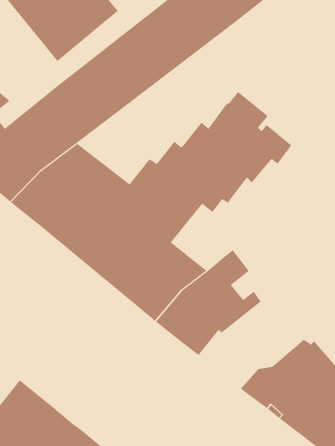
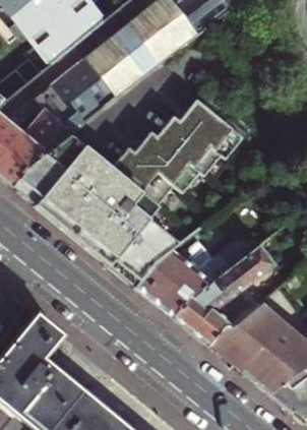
building: none -> [173,244,273,345]
building: none -> [18,313,64,359]

